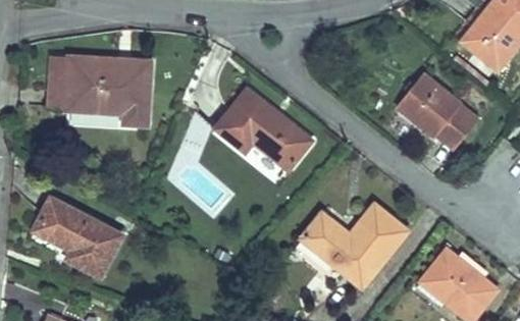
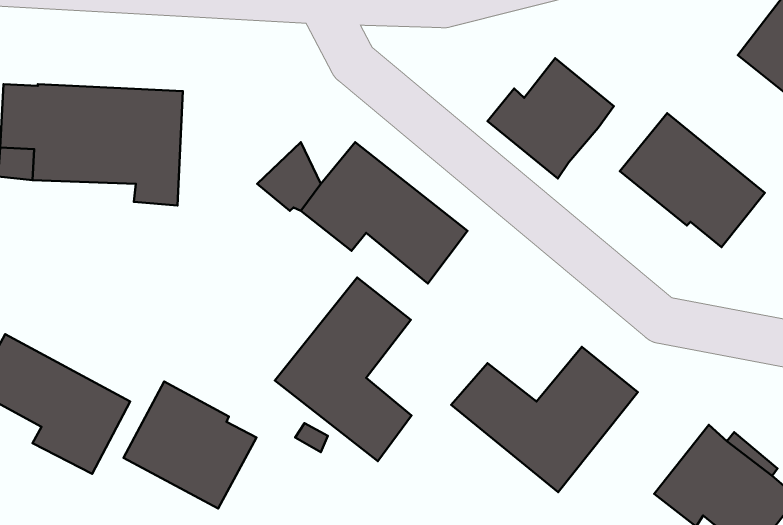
building: none -> [488,58,614,178]
building: none -> [275,277,412,461]
building: none -> [123,382,257,508]

